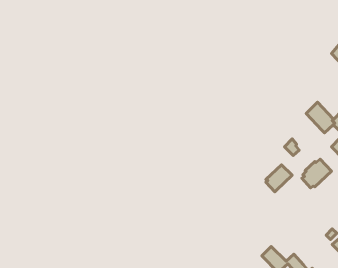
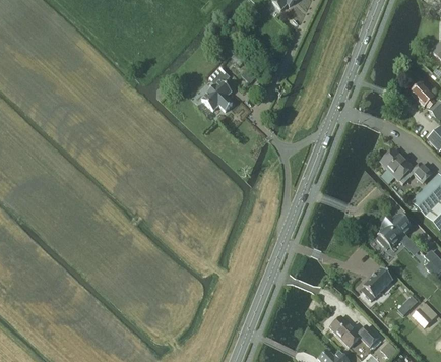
building: none -> [203,68,233,111]
building: [266,165,292,192] -> [364,268,394,300]

